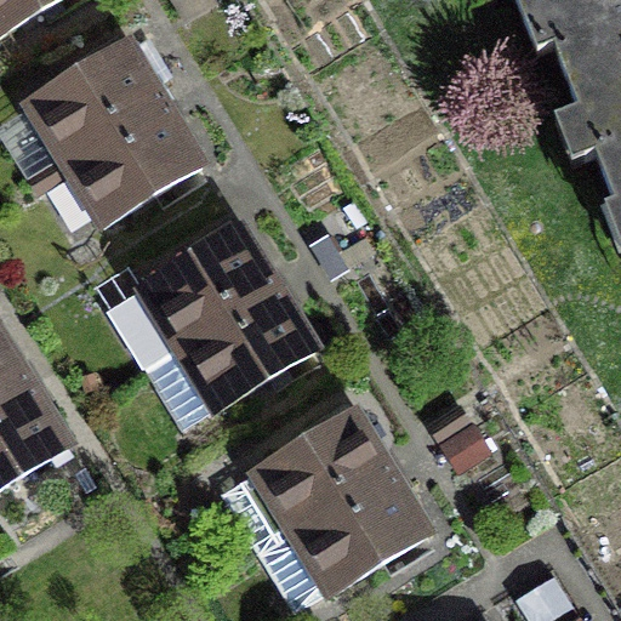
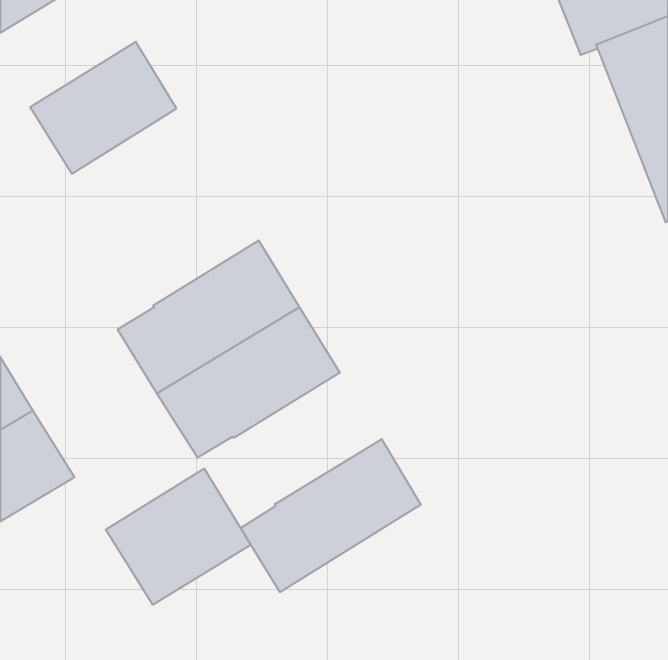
building: [67,101,201,222] -> none
building: none -> [106,469,251,605]
building: [260,468,429,606] -> none

